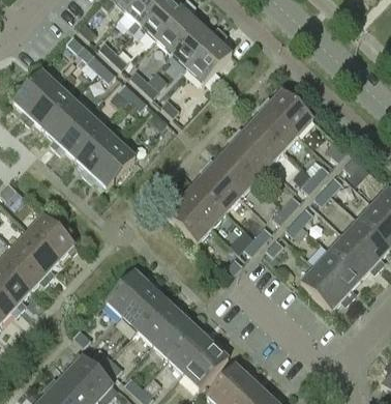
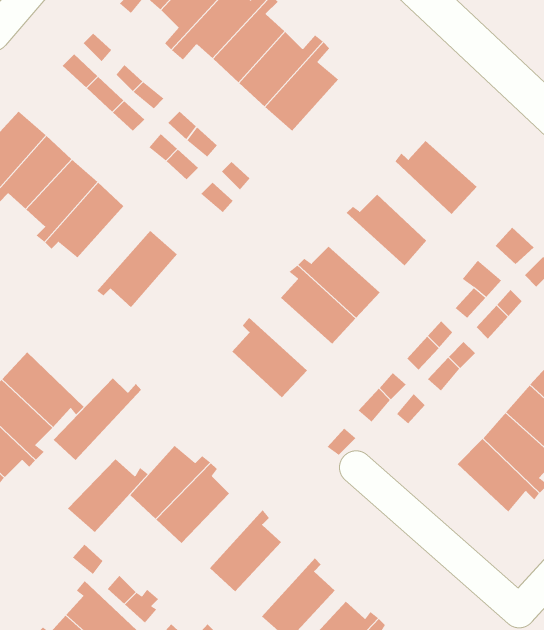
building: [253,99,298,147] -> none
building: [74,126,118,177] -> none
building: [224,131,270,178] -> none
building: [177,181,227,225] -> none
building: none -> [53,377,142,461]
building: [137,298,185,343] -> [67,458,149,533]
building: [169,327,216,372] -> none

